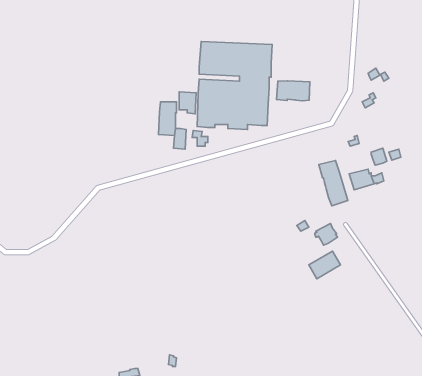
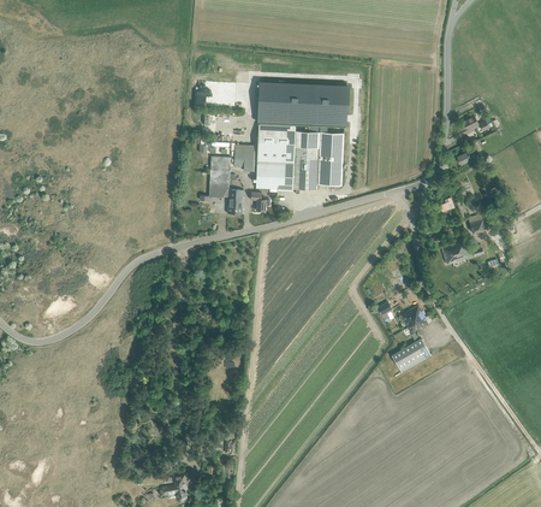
building: [277,81,310,101] -> none
building: [319,160,348,206] -> none

